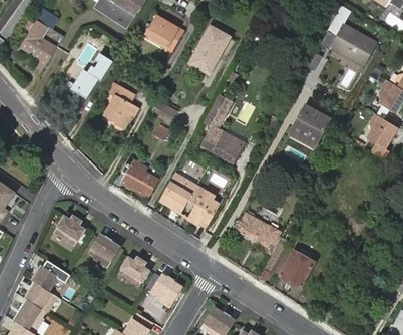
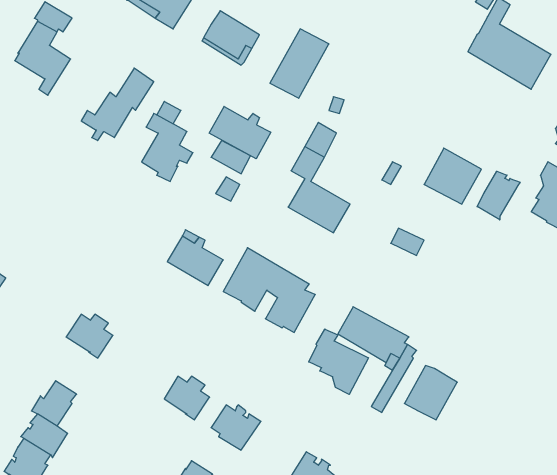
building: none -> [209,106,271,159]
building: none -> [477,171,520,220]
building: none -> [309,329,368,394]
building: [88,236,121,266] -> none

